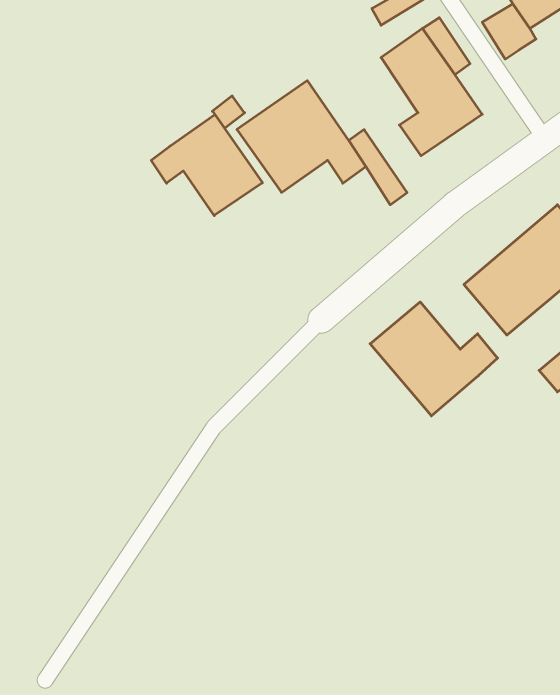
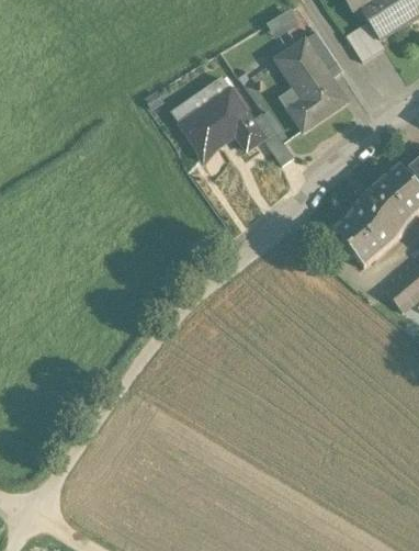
building: [151,115,262,216] -> none
building: [370,302,498,416] -> none

